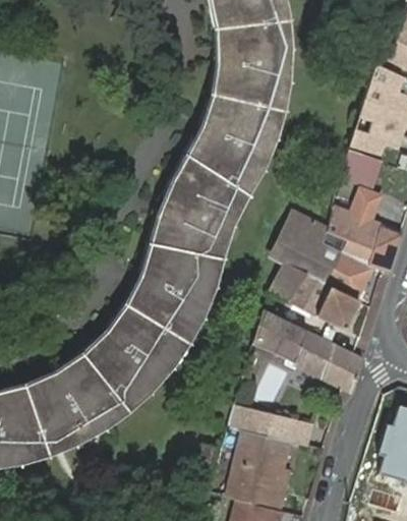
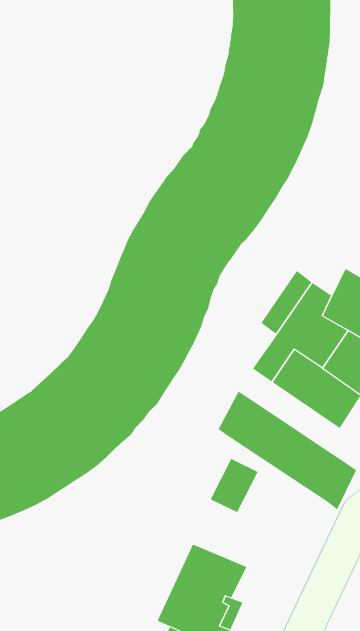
building: [226,401,312,443] -> none

